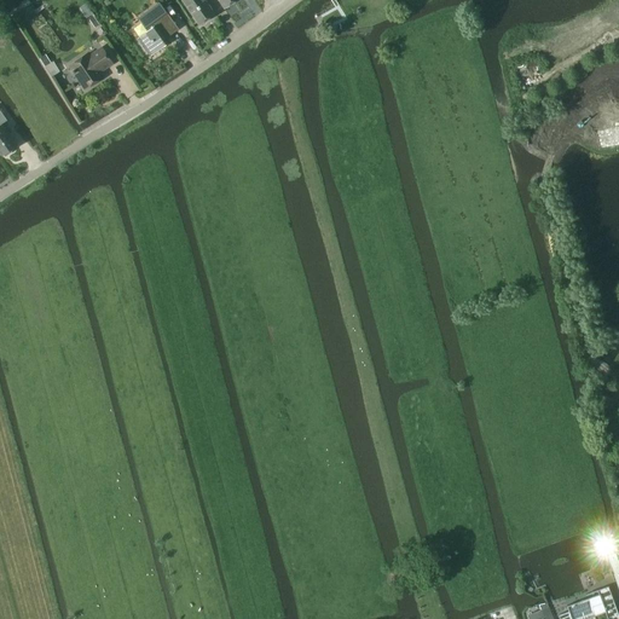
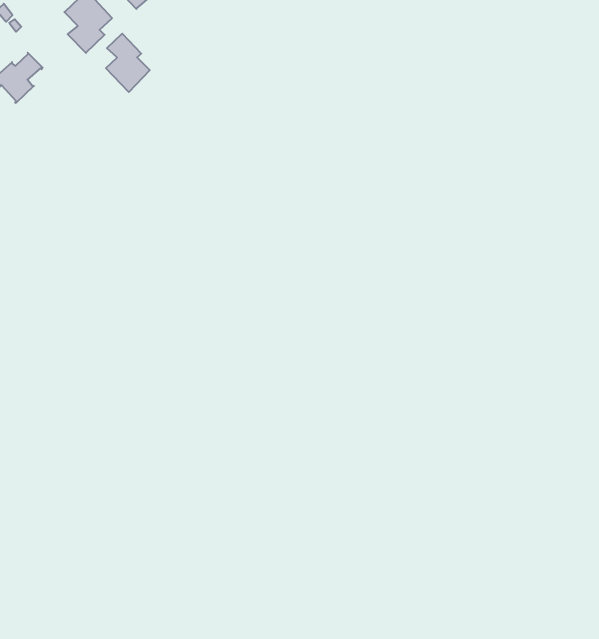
building: none -> [106,34,150,92]

